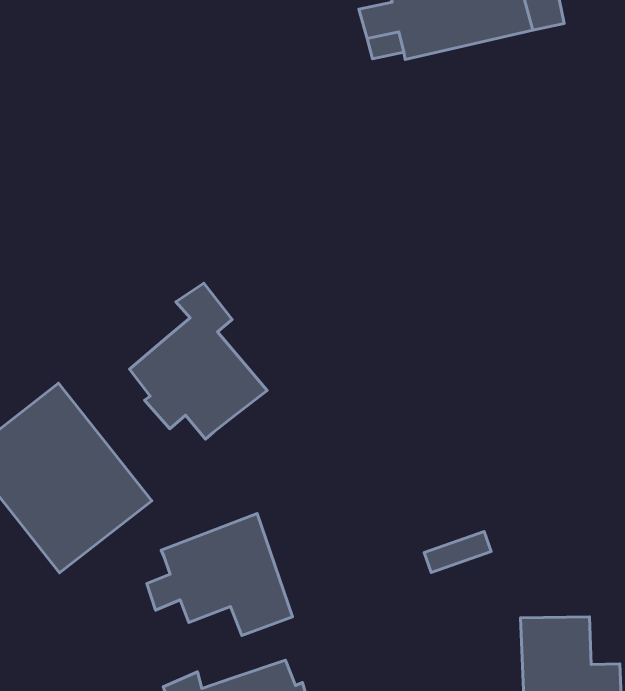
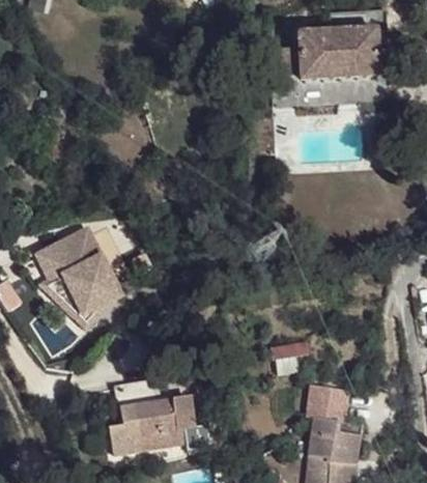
building: [129,283,267,439] -> none
building: [147,513,292,635] -> none

